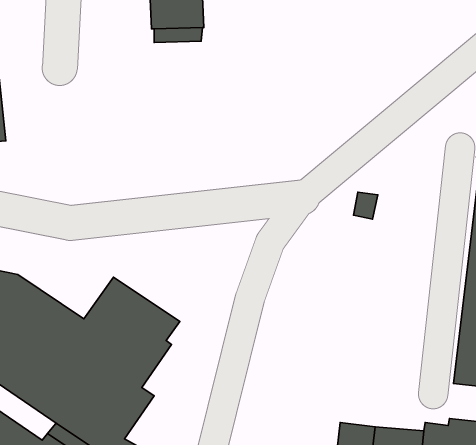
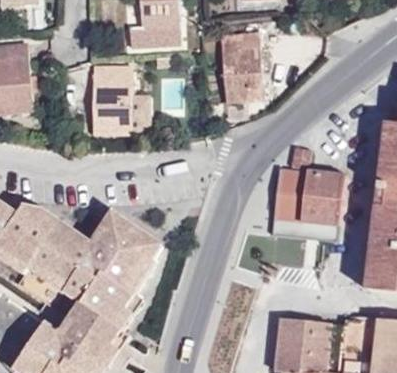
building: none -> [219,33,265,103]
building: none -> [93,67,132,135]
building: none -> [272,169,345,226]

